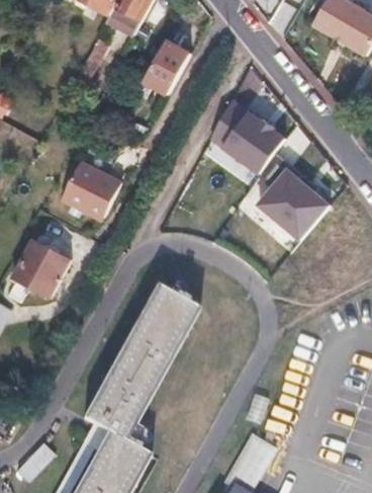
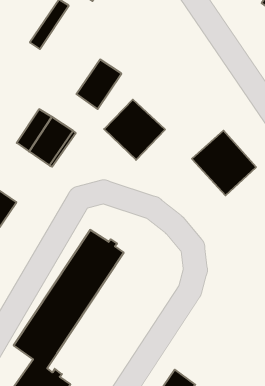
building: [148,43,194,96] -> [76,60,121,109]
building: [215,106,281,171] -> [104,100,165,160]

